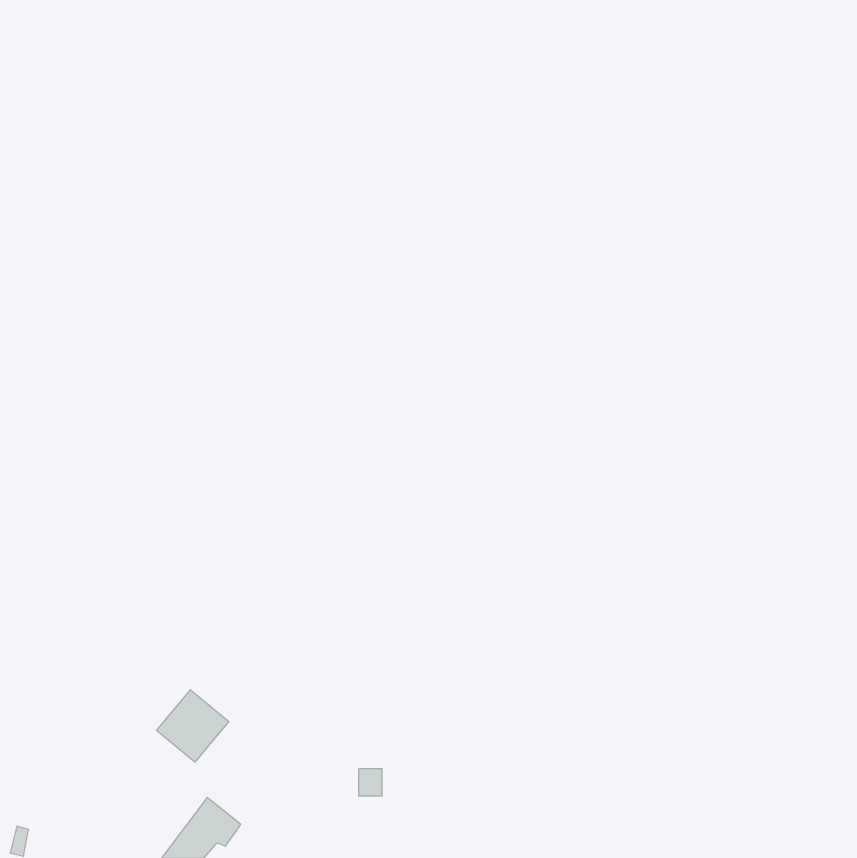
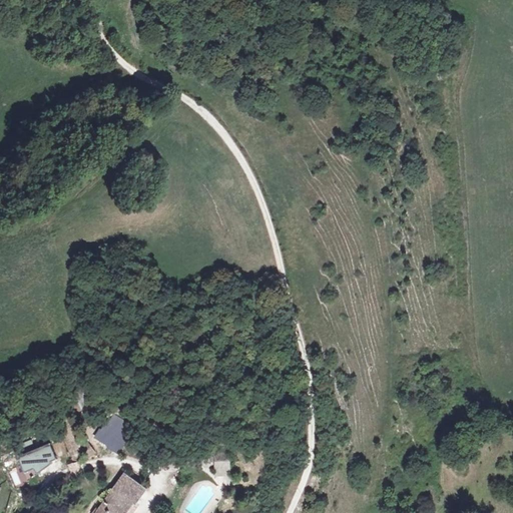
building: none -> [18,444,54,470]

